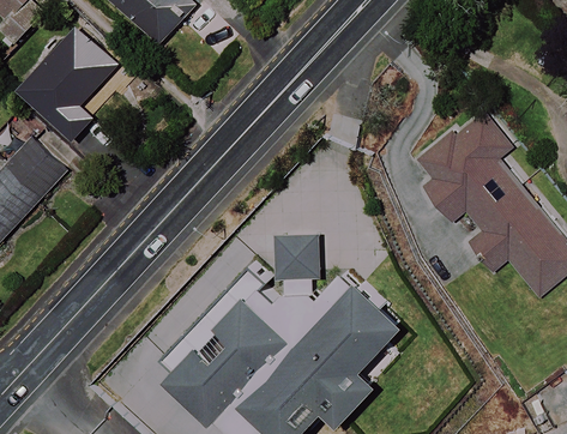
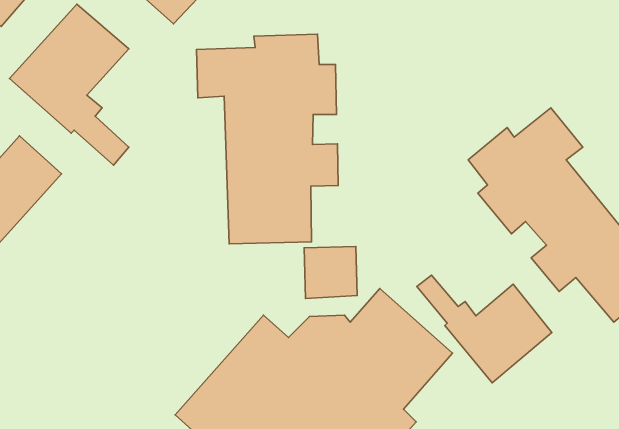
building: none -> [196,34,338,244]
building: none -> [417,275,552,383]

